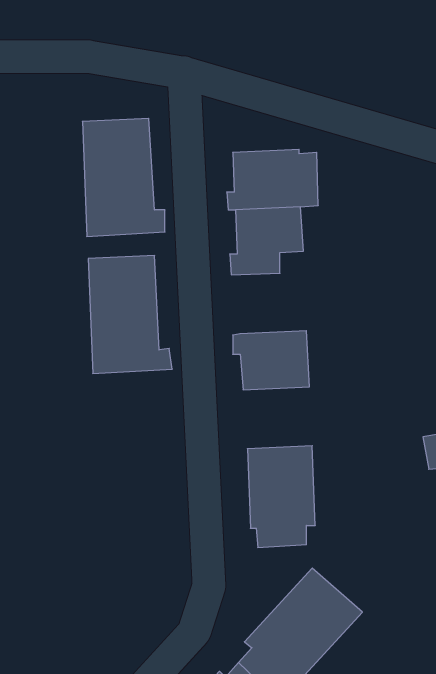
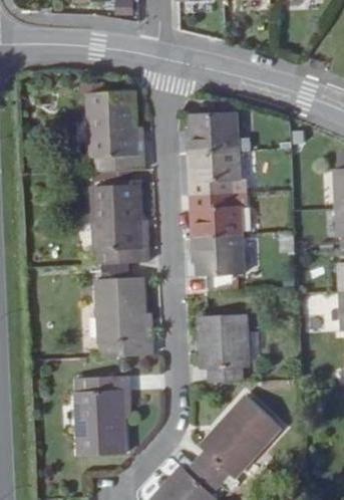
building: none -> [191,196,242,237]
building: none -> [97,277,153,356]
building: none -> [75,376,129,456]

